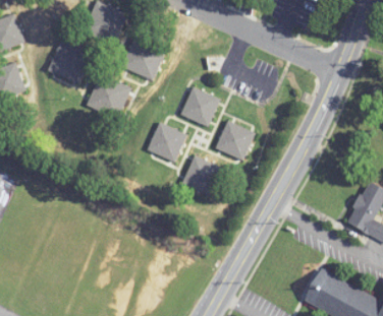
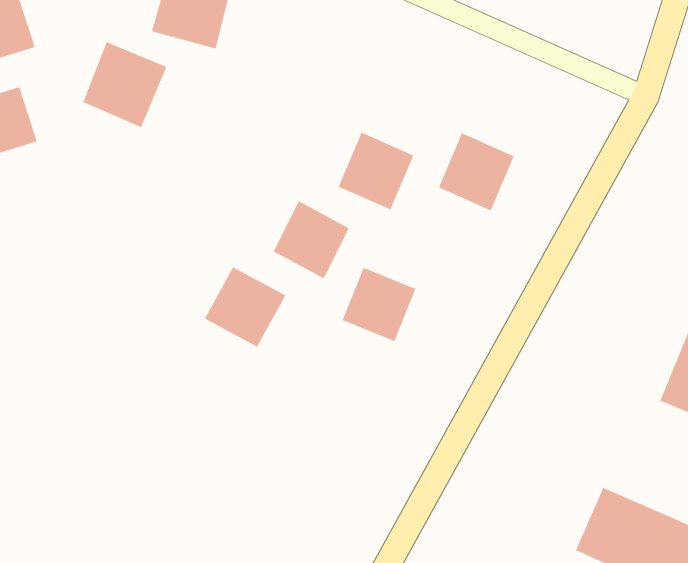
building: [121,36,165,80] -> none
building: [86,75,130,119] -> none
building: [215,121,255,162] -> [438,133,515,211]
building: none -> [204,267,286,347]

